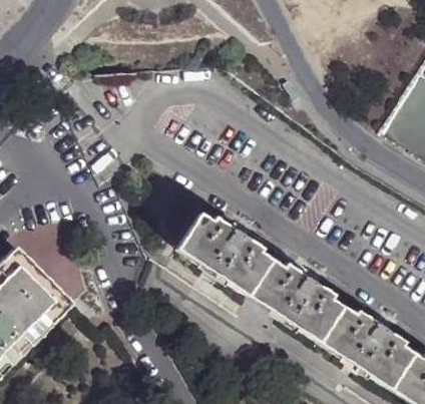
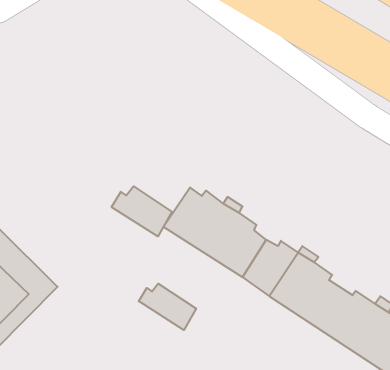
building: none -> [112,186,172,236]
building: none -> [139,284,196,330]

